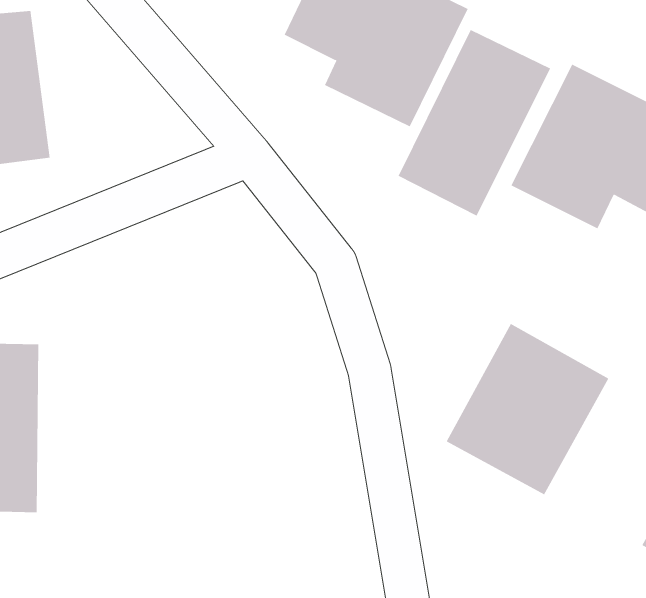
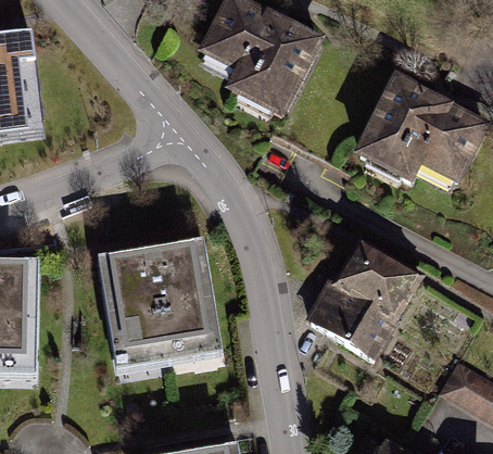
building: [398,29,551,217] -> none
building: none -> [98,243,219,366]

